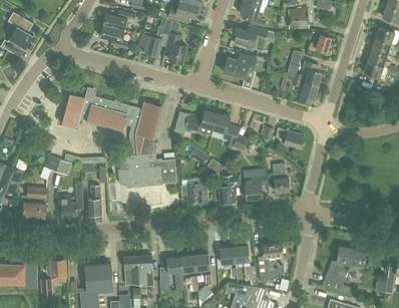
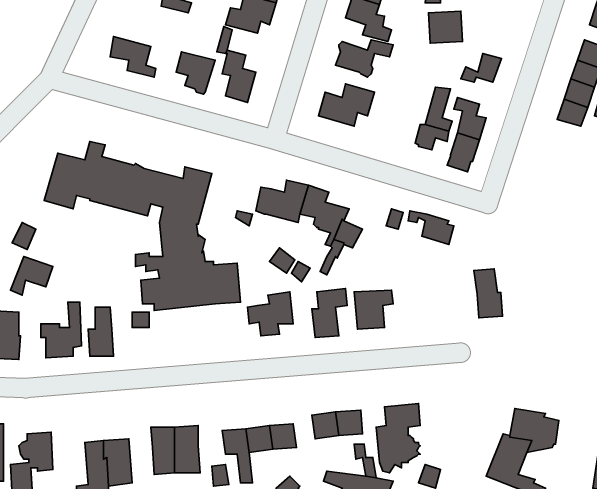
building: [101,10,133,30] -> none
building: [272,163,289,192] -> [474,269,503,318]

